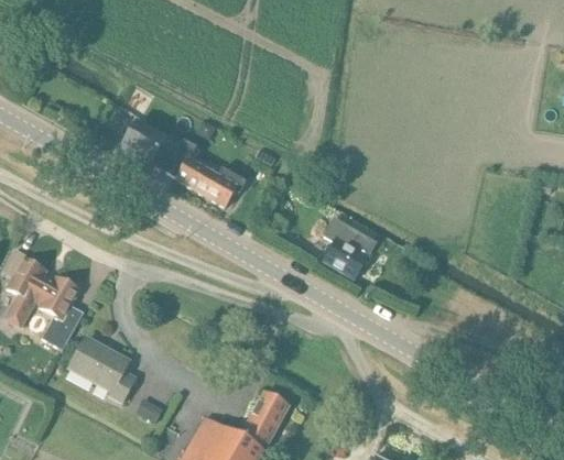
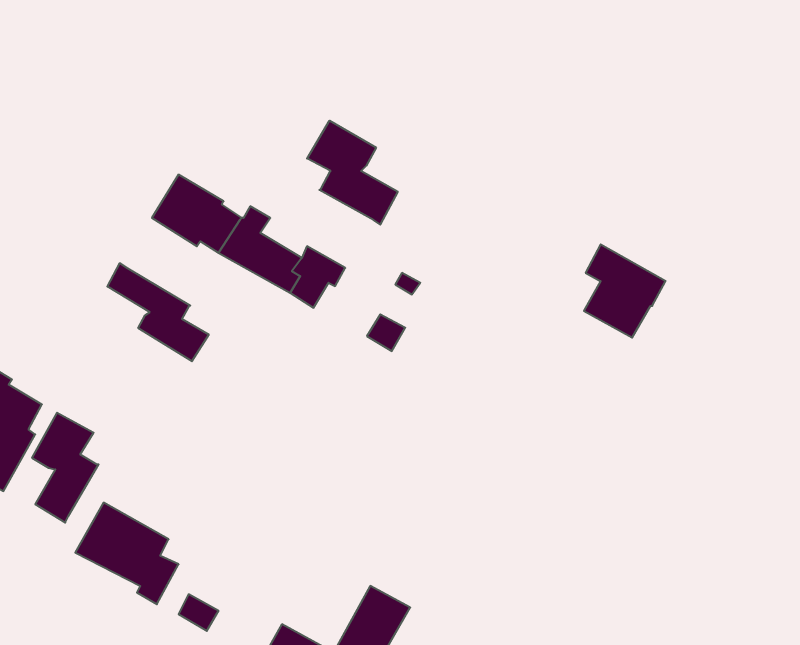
building: none -> [307,121,398,225]
building: none -> [107,263,209,361]
building: [323,217,377,278] -> [584,244,666,338]

